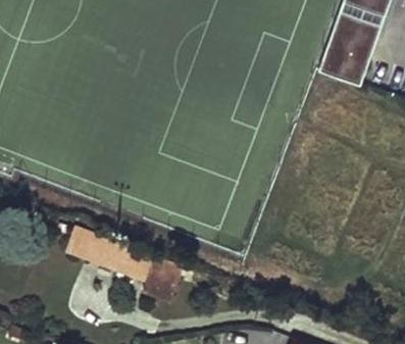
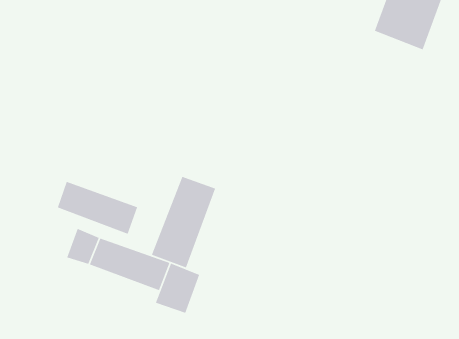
building: none -> [151,176,216,268]
building: none -> [57,181,138,235]

